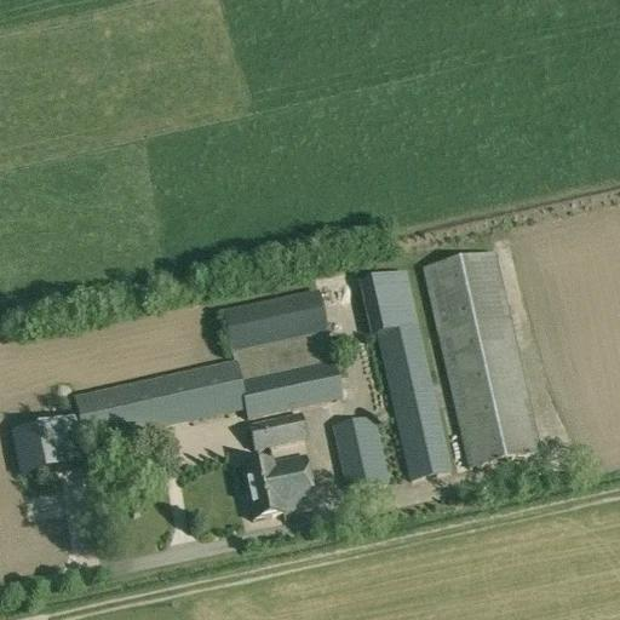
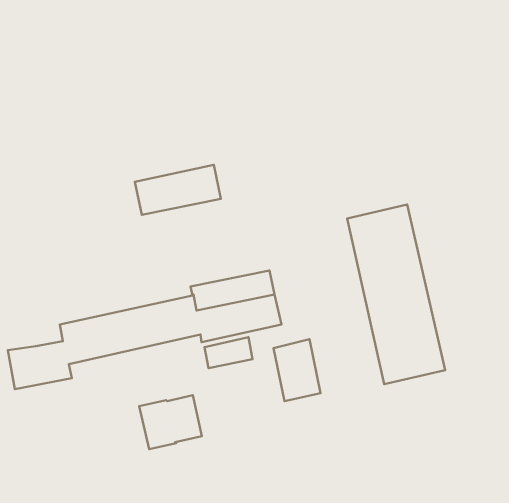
building: [358,269,453,477] -> none
building: [224,287,328,348] -> [135,165,221,215]
building: [241,452,317,517] -> [139,395,202,449]

